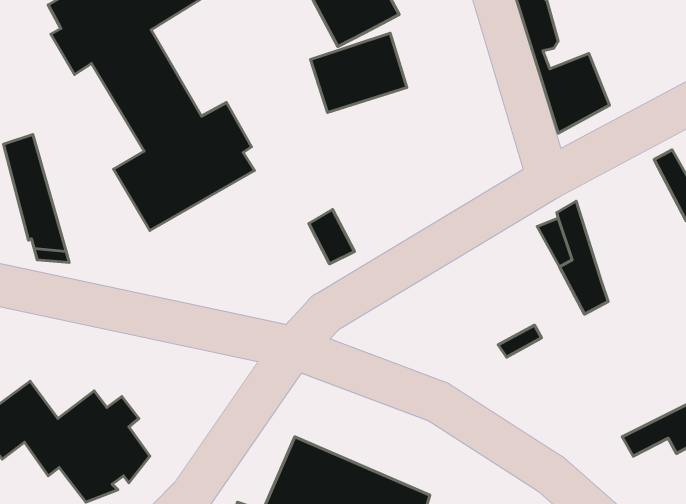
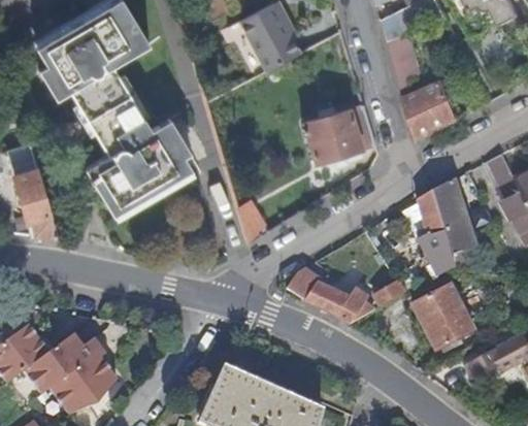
building: [311,33,407,113] -> [303,104,374,163]
building: none -> [431,178,469,250]
building: none -> [287,268,373,323]
building: none -> [412,286,472,349]

